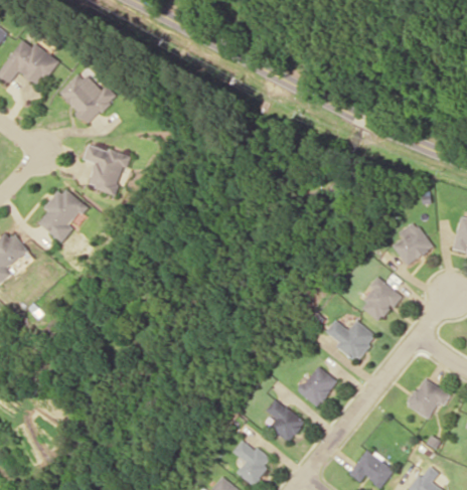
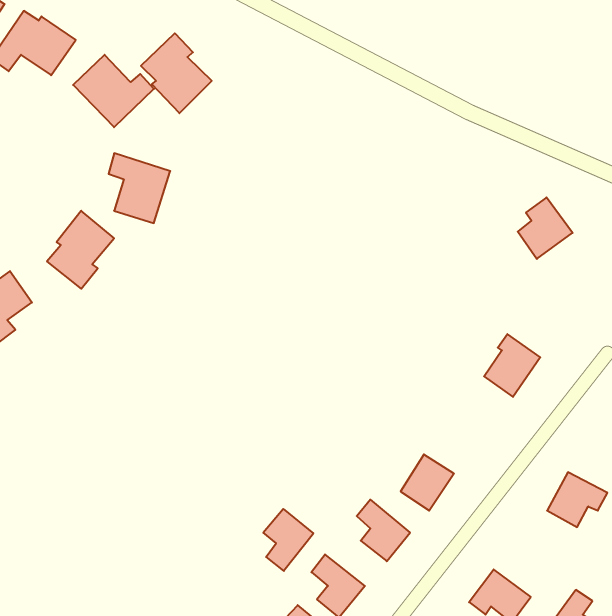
building: none -> [141,33,212,113]
building: [393,221,433,267] -> [518,197,573,259]
building: [325,320,375,362] -> none
building: none -> [263,509,313,571]

